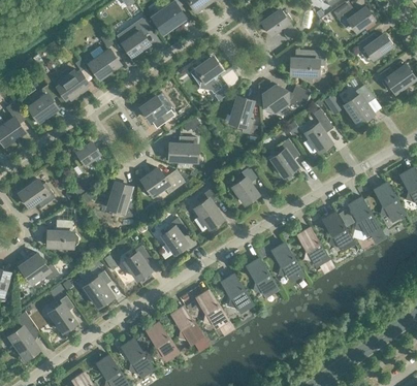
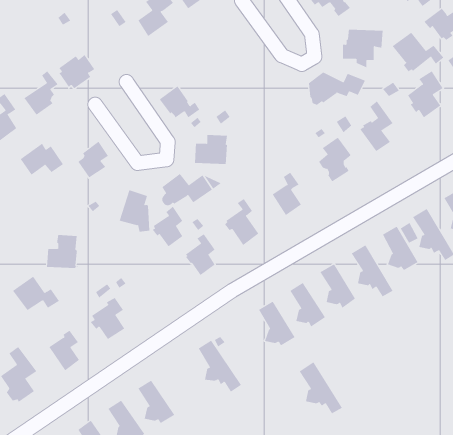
building: [88,46,119,78] -> none
building: none -> [392,32,444,72]
building: [195,59,221,93] -> none
building: [228,97,253,135] -> none
building: [19,181,55,207] -> [20,143,64,175]
building: [123,246,149,280] -> [152,206,183,247]
building: [196,290,232,333] -> [299,361,343,414]
building: [147,323,178,359] -> none

